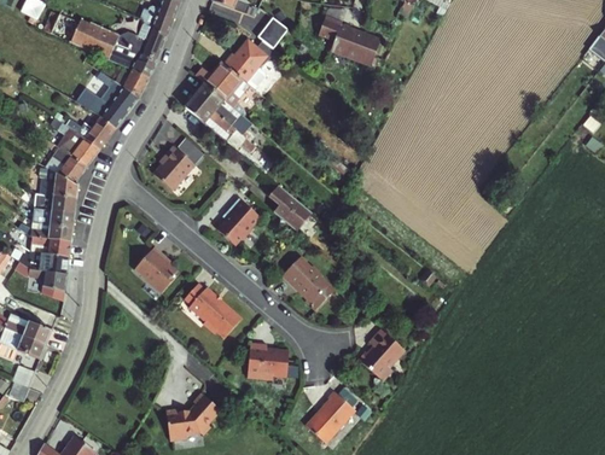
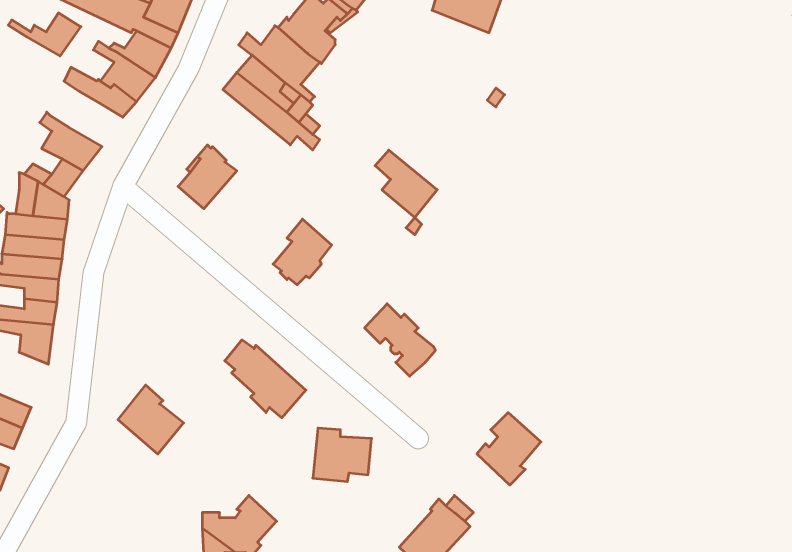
building: [64,116,115,146] -> [8,13,81,56]
building: [268,182,312,229] -> [375,150,437,217]
building: [135,243,181,291] -> [118,385,184,454]

